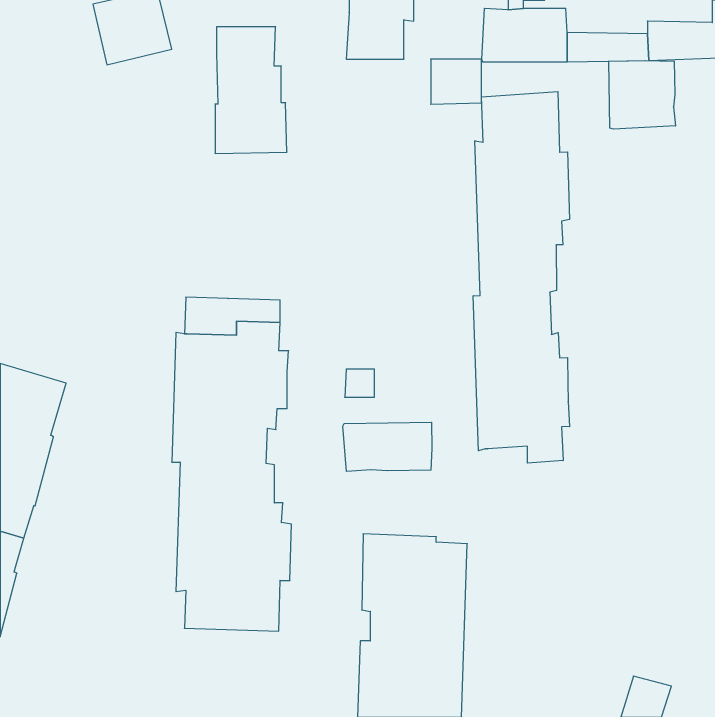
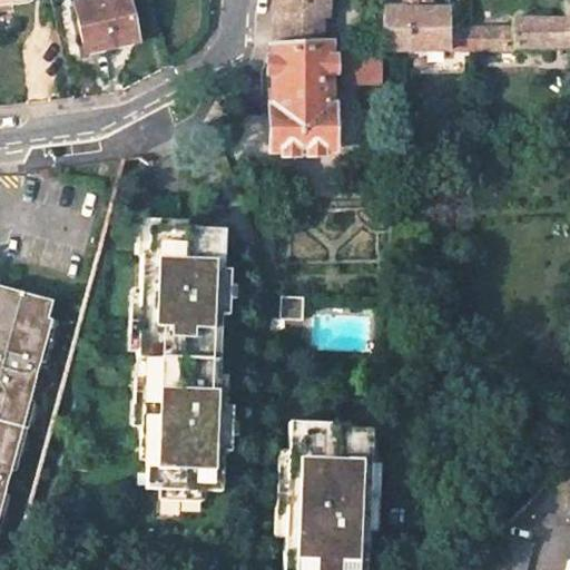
building: [215,27,287,153] -> [276,47,333,147]
building: [609,61,675,129] -> none
building: [473,92,570,463] -> none
building: [343,422,432,471] -> none

